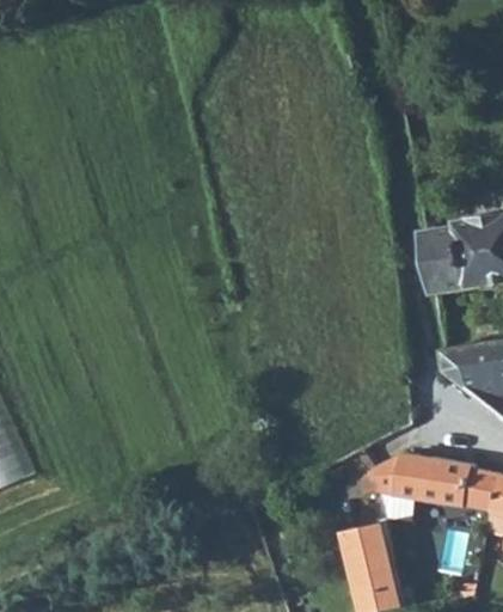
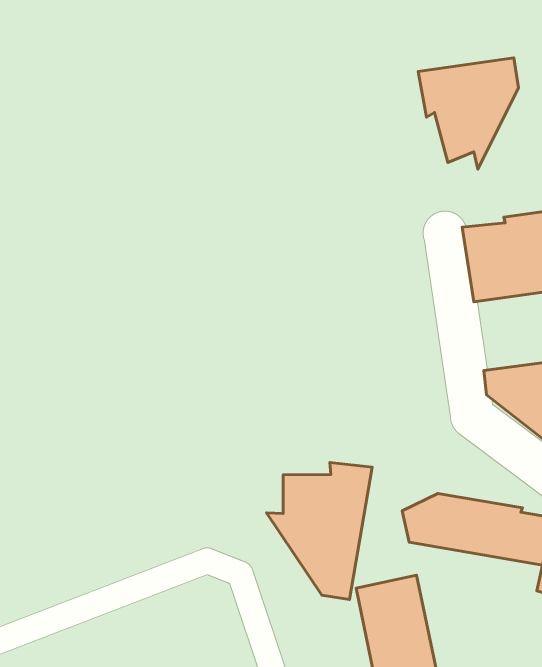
building: none -> [418,58,518,169]
building: none -> [267,462,372,600]

